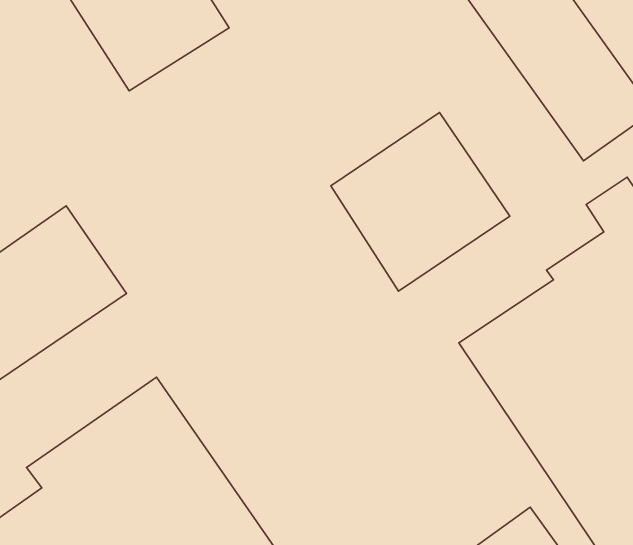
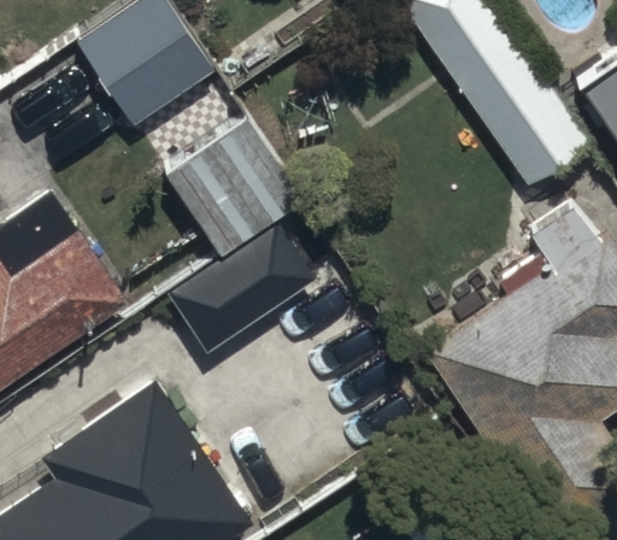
building: none -> [161,112,313,353]
building: [331,113,510,291] -> none

